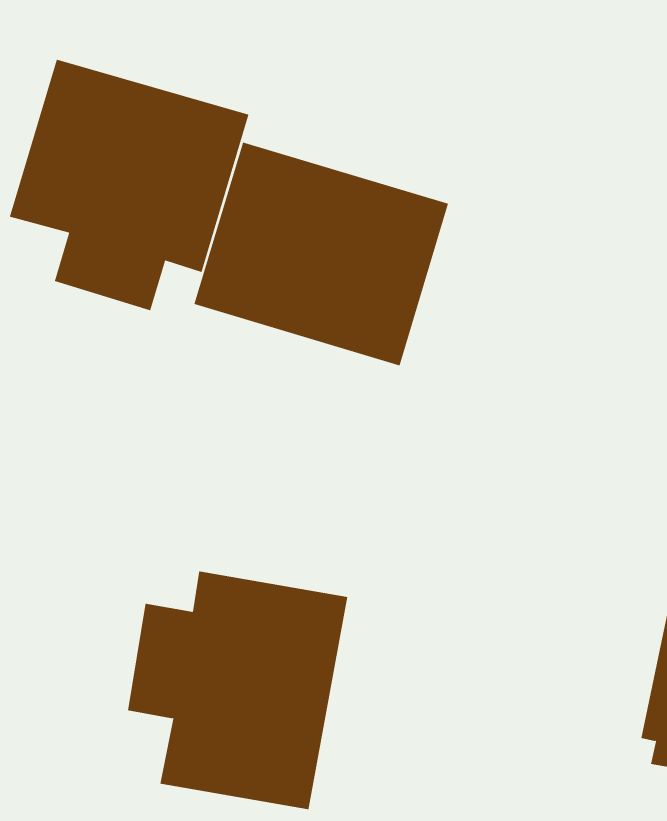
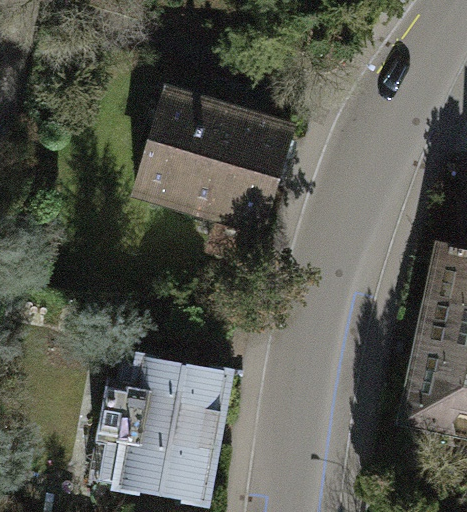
building: [9,59,249,311] -> none

